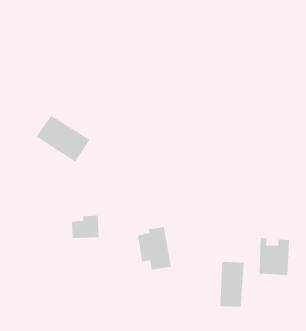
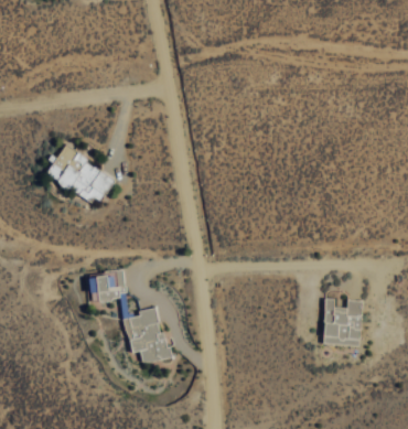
building: [137,226,172,271] -> [124,308,167,363]
building: [219,261,244,307] -> none

